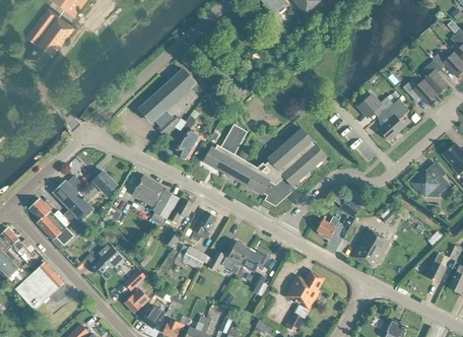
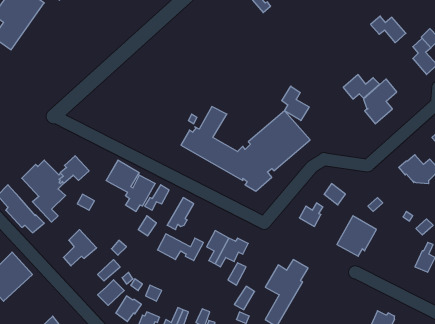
building: [140,68,202,158] -> none
building: [403,78,437,104] -> [371,16,406,43]
building: none -> [282,86,309,121]

